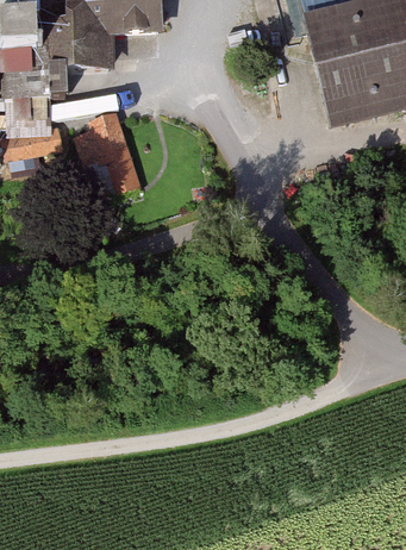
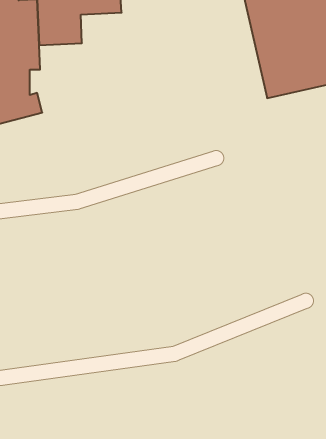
building: [76,107,140,195] -> none

